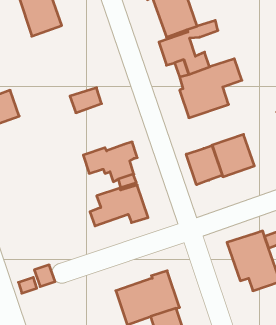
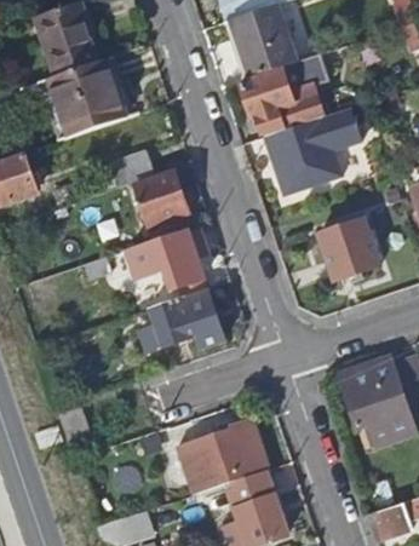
building: none -> [48,57,126,137]
building: none -> [137,168,189,223]
building: [186,145,222,185] -> none

